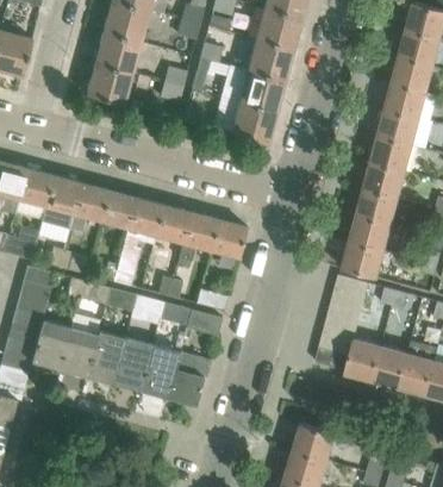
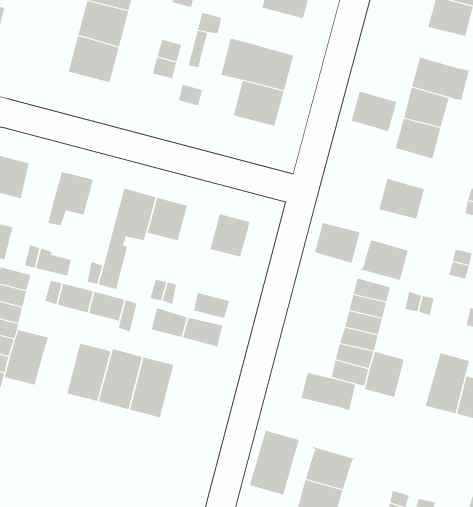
building: [247,39,292,81] -> none
building: [393,56,433,92] -> none
building: [364,162,405,198] -> [351,91,397,132]
building: [40,175,80,227] -> none
building: [100,189,135,227] -> none
building: [177,212,218,262] -> none
building: [350,216,391,251] -> [314,223,360,264]
building: [57,327,95,376] -> none
building: [372,346,407,387] -> none
building: [167,351,210,405] -> none
building: none -> [301,372,356,411]
building: none -> [249,430,300,495]

